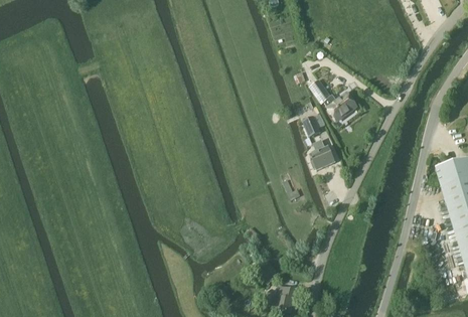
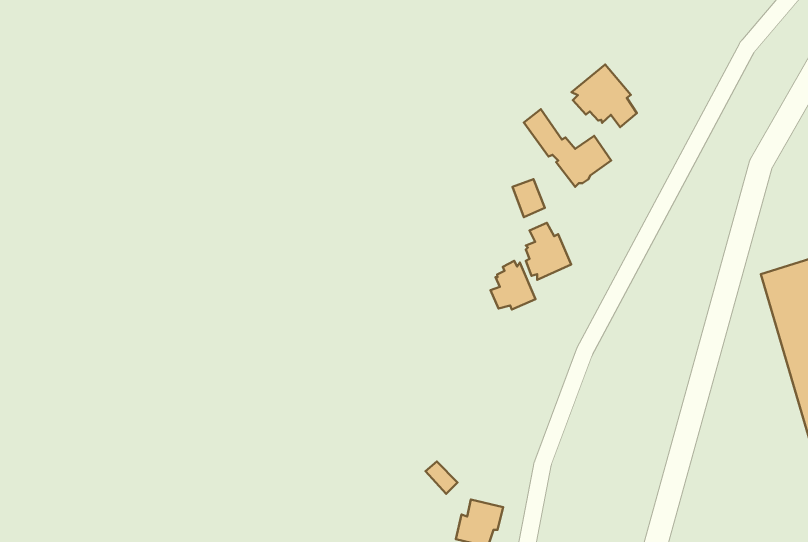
building: none -> [572,64,637,127]
building: none -> [490,261,536,310]

